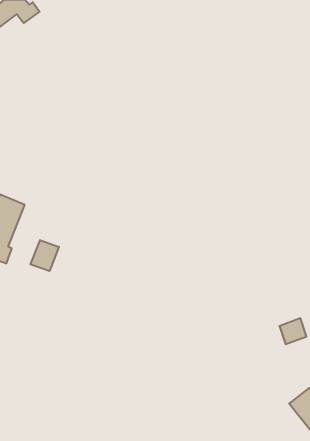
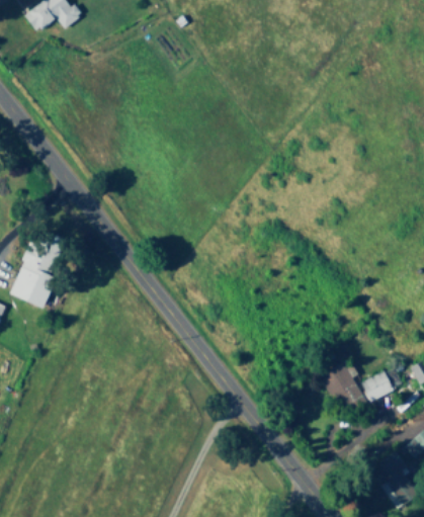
building: [30,240,59,271] -> none
building: none -> [326,362,361,406]

